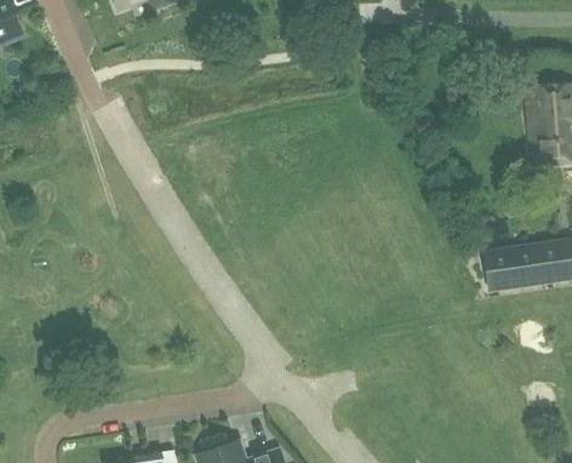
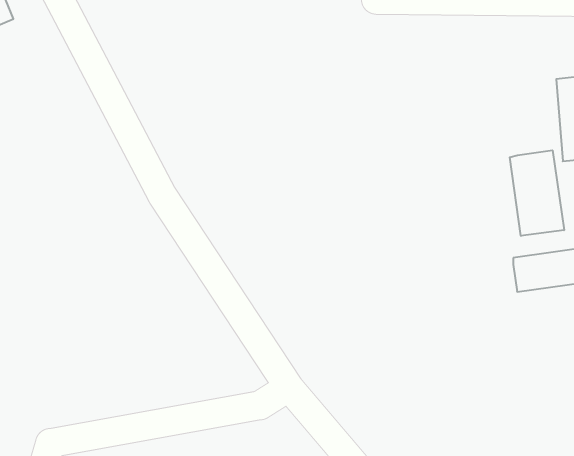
building: none -> [510,150,564,236]

